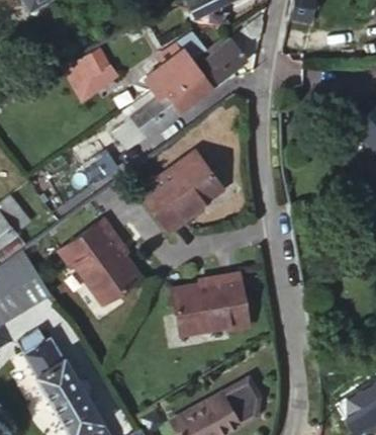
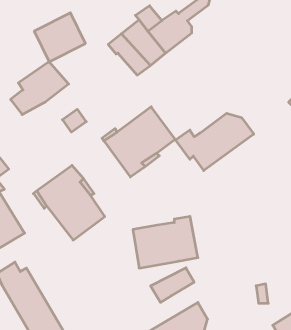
building: [112,89,179,150] -> [11,62,69,115]
building: none -> [176,113,254,171]
building: none -> [151,268,194,302]

